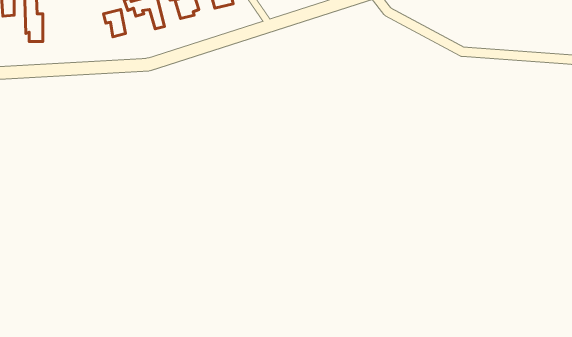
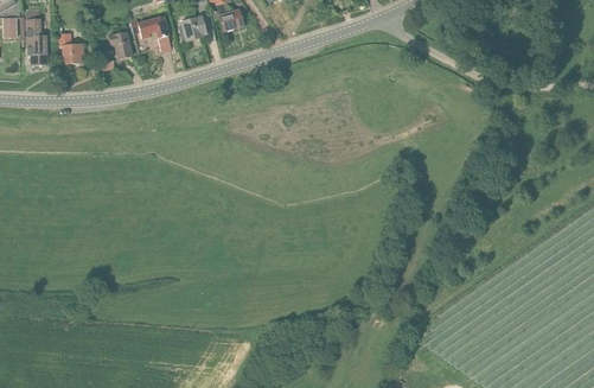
building: none -> [57,32,83,63]

